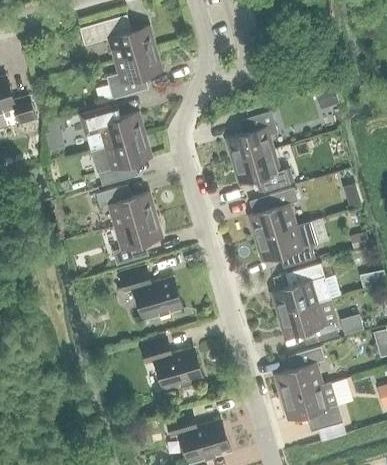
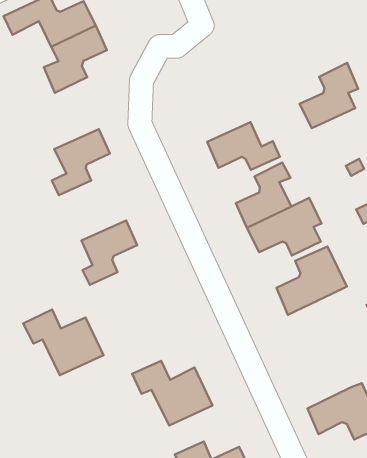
building: [85,108,144,151] -> none
building: [226,112,277,162] -> [300,63,358,128]
building: [96,188,155,228] -> none
building: [119,267,182,323] -> [23,309,103,375]
building: [278,305,337,344] -> none
building: [275,348,324,398] -> none

